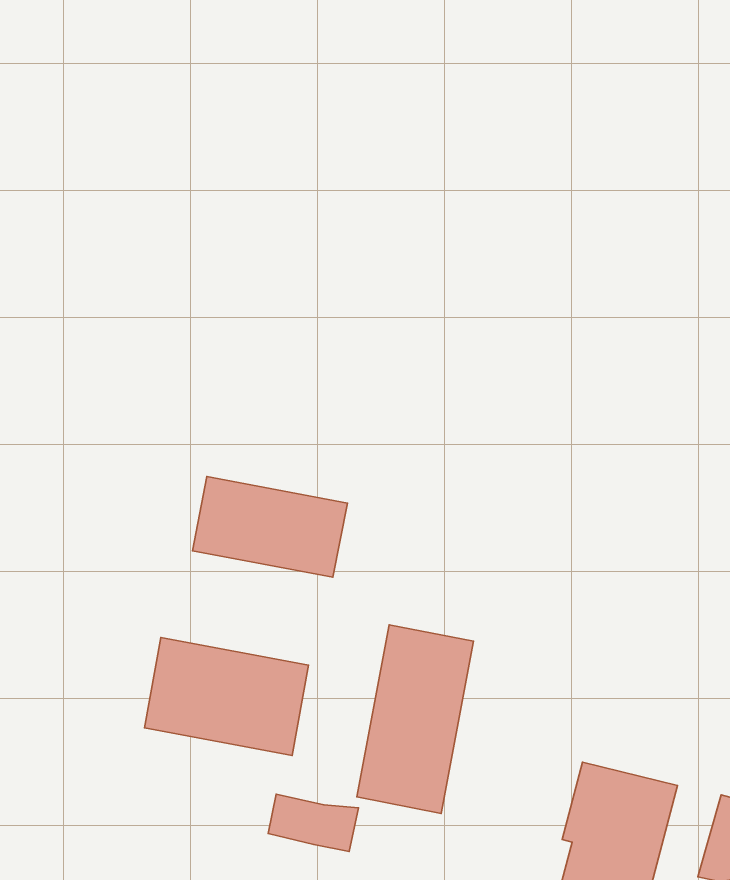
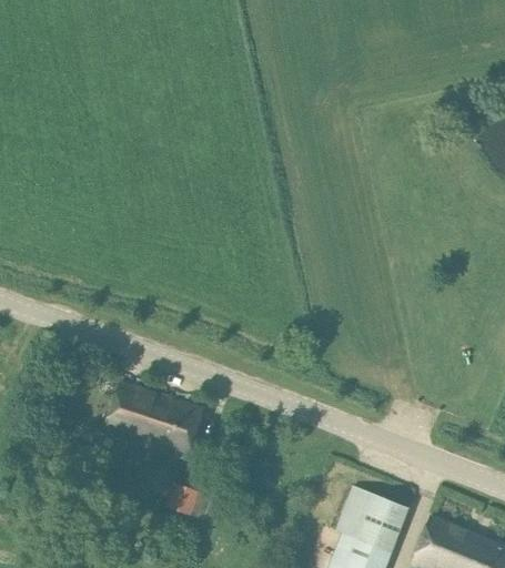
building: [192,477,347,577] -> none
building: [357,625,474,813] -> none

